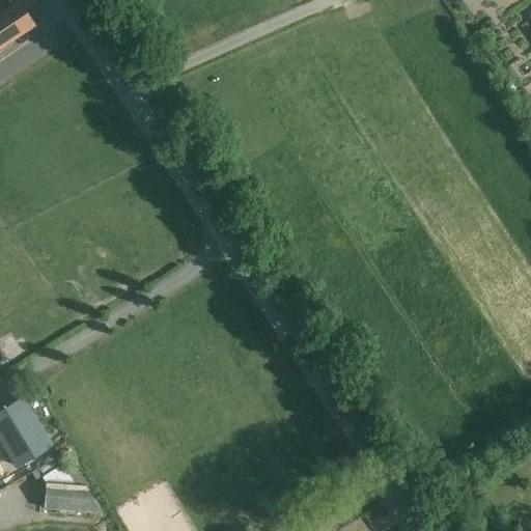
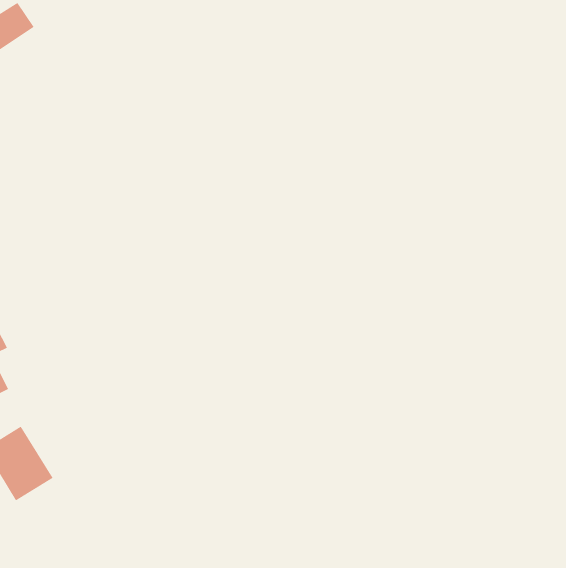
building: [43,474,101,513] -> none

